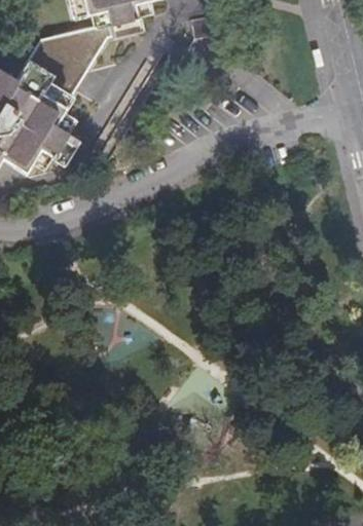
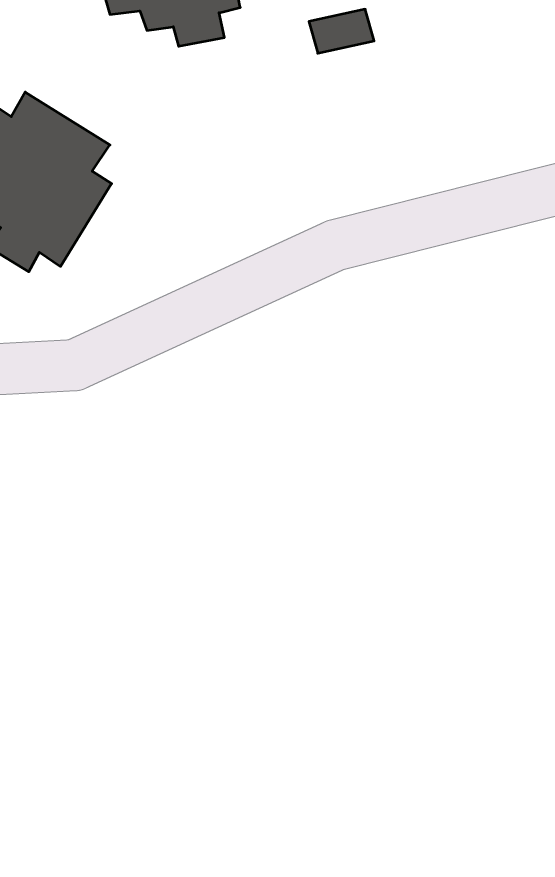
building: [28,24,114,92] -> none

